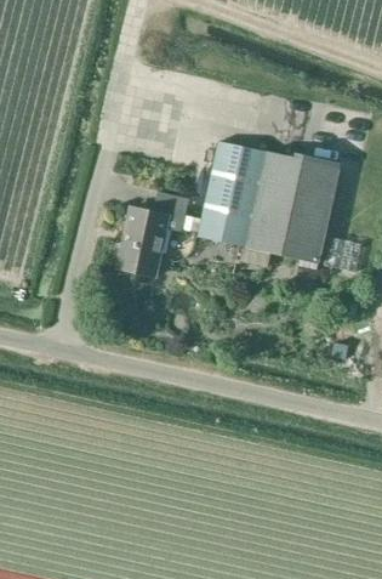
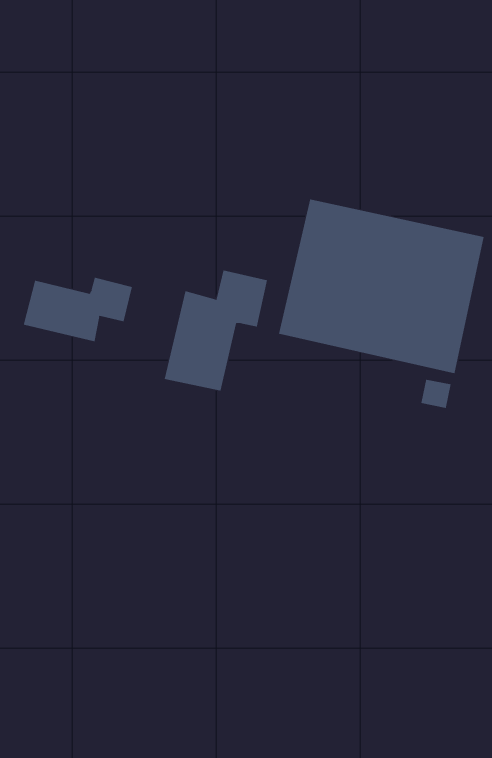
building: none -> [23,277,132,342]

